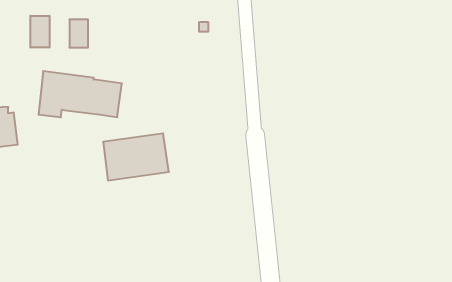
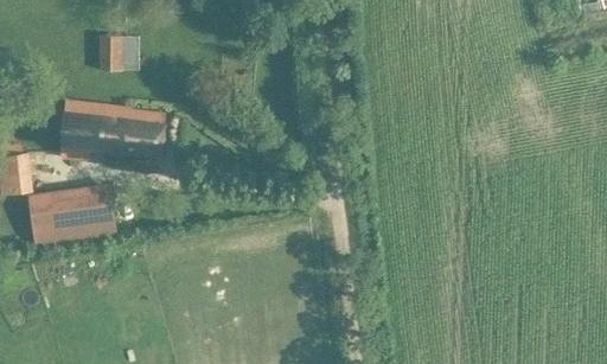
building: [30,16,49,48] -> none
building: [103,133,169,180] -> [31,185,114,244]

